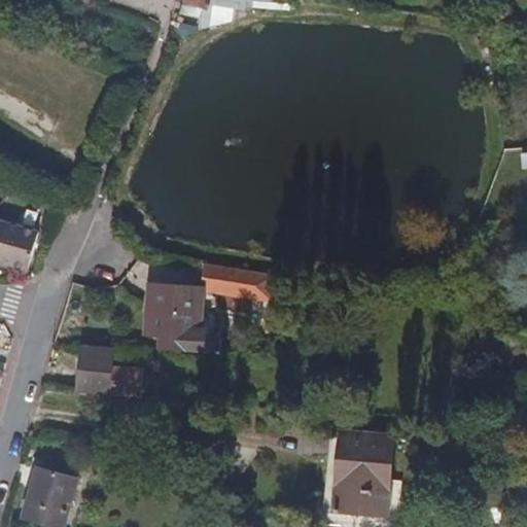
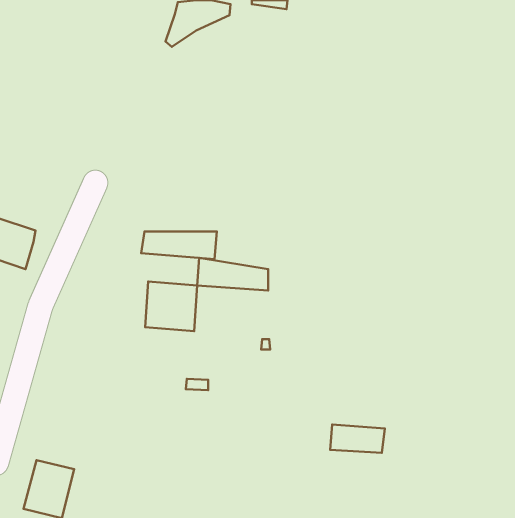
building: none -> [141,231,217,259]
building: [77,345,139,396] -> none
building: [330,457,387,516] -> none

